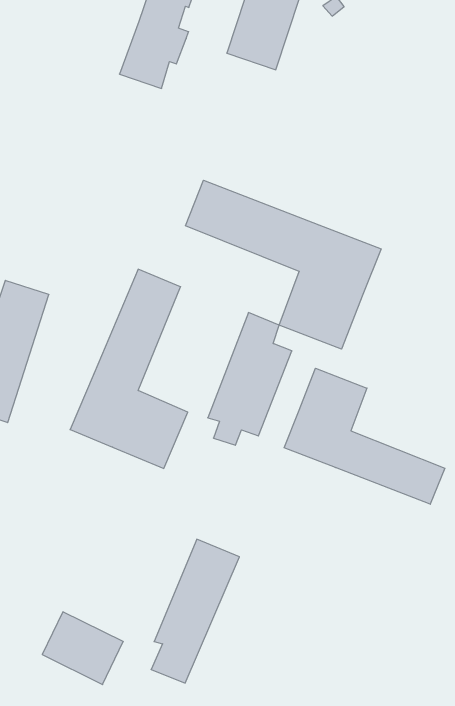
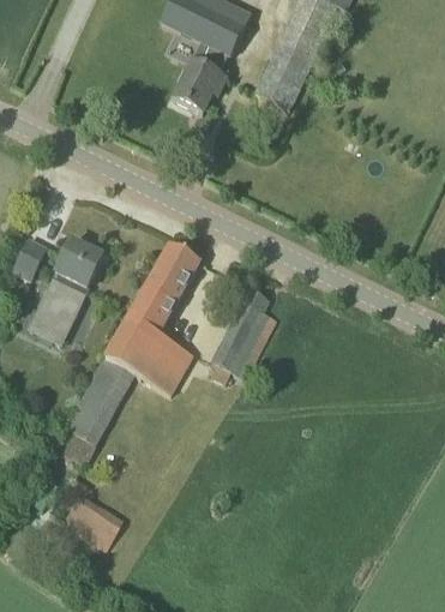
building: [185,180,381,349] -> none
building: [284,368,445,504] -> none
building: [151,539,239,683] -> [60,355,136,461]

